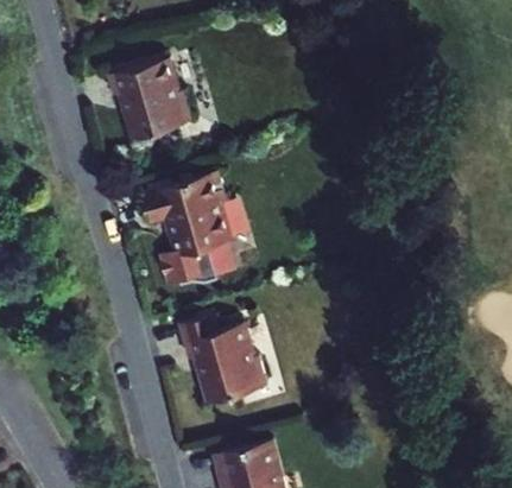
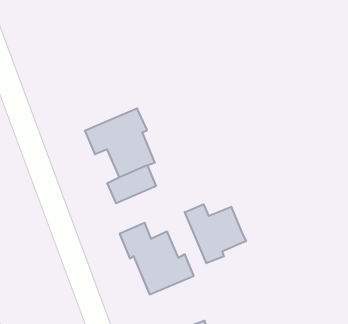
building: [112,58,197,140] -> none
building: none -> [185,204,246,263]

